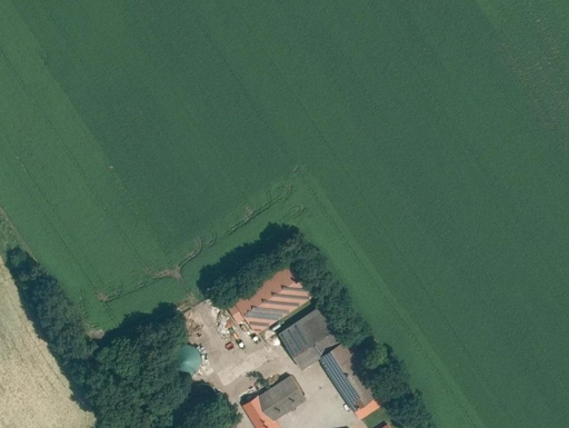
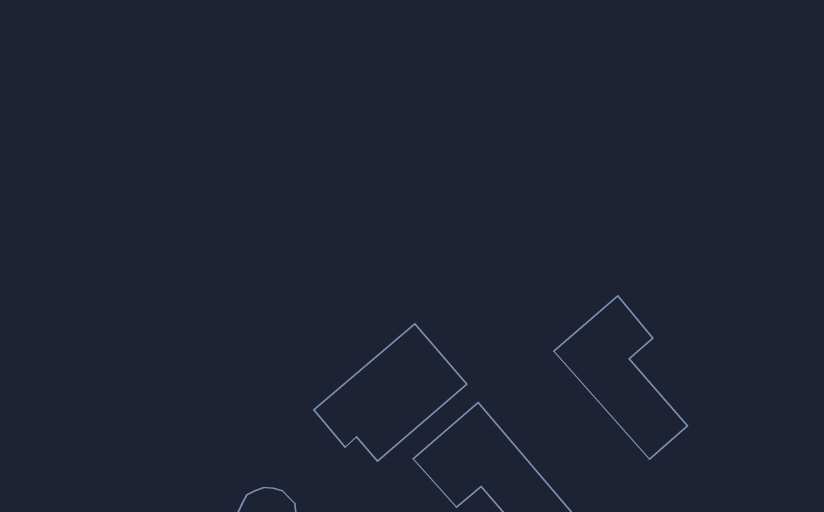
building: none -> [554,296,687,459]

